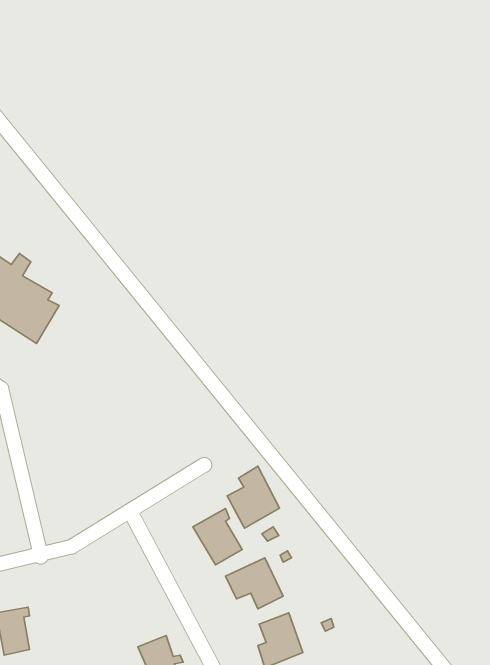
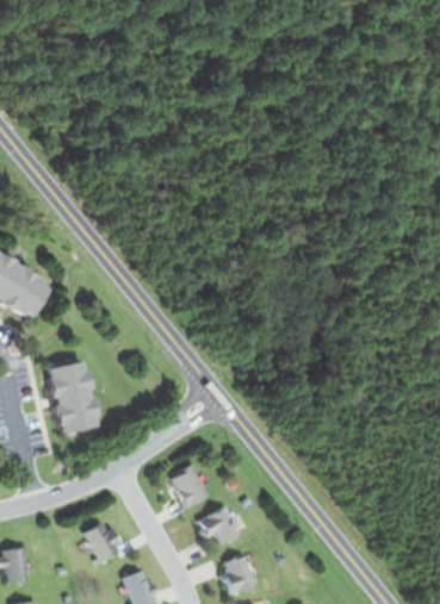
building: none -> [47,361,100,436]
building: [227,466,280,528] -> none
building: none -> [82,522,125,568]

